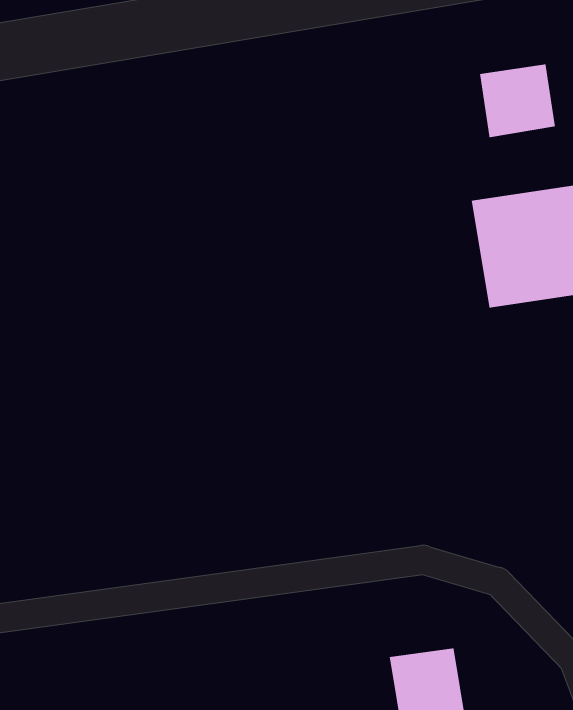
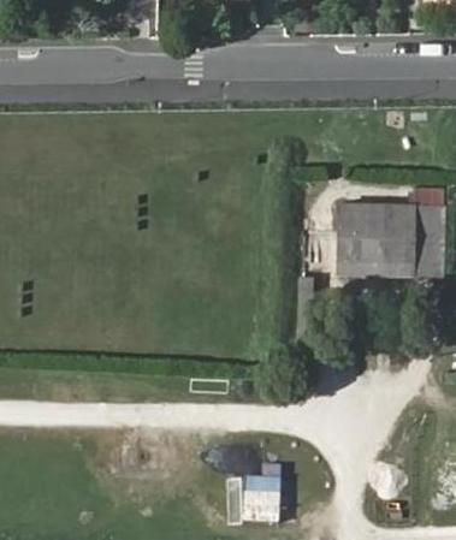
building: [479,63,556,138] -> none

